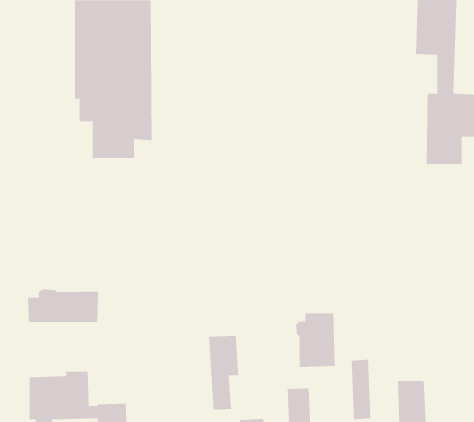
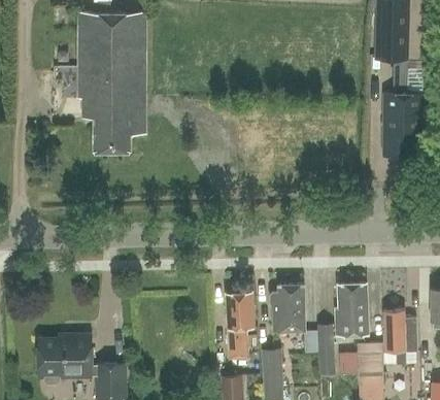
building: [27,289,98,323] -> none
building: none -> [336,284,369,336]
building: [208,335,239,410] -> [227,293,253,358]
building: none -> [383,309,418,364]

